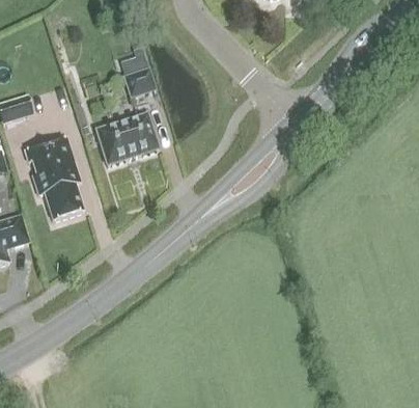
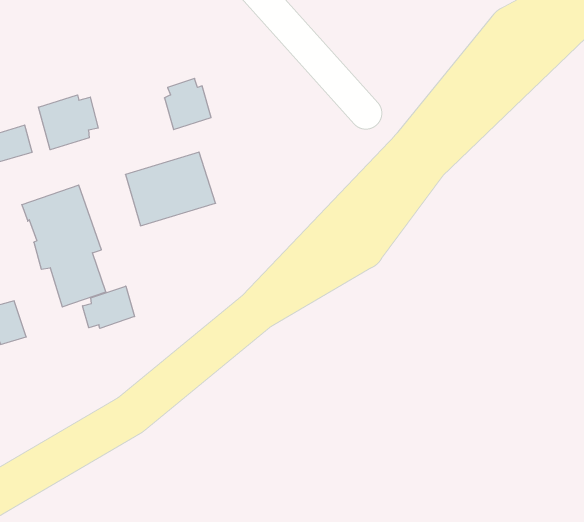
building: none -> [38,95,98,150]
building: none -> [83,286,135,328]

